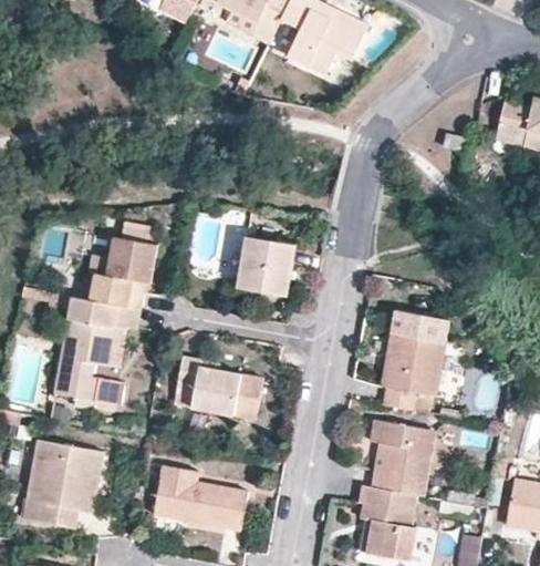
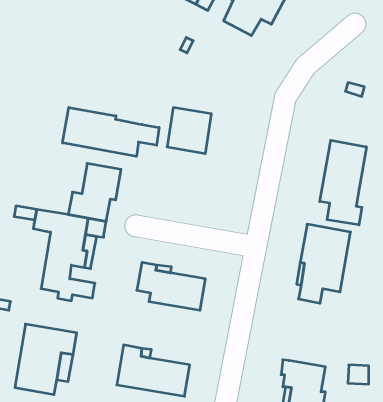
building: none -> [63,107,159,156]
building: none -> [320,140,366,225]
building: [238,240,294,299] -> [167,108,211,154]
building: [370,419,434,494] -> none

